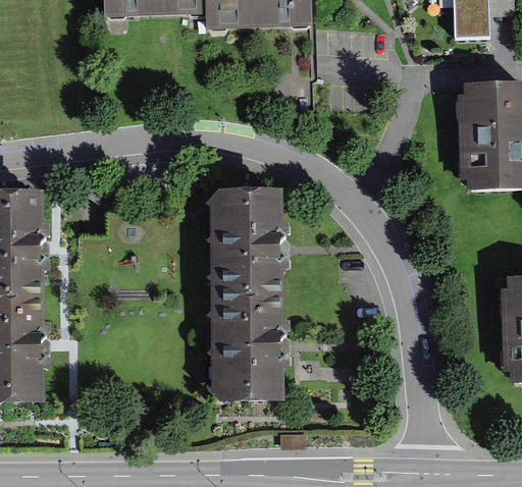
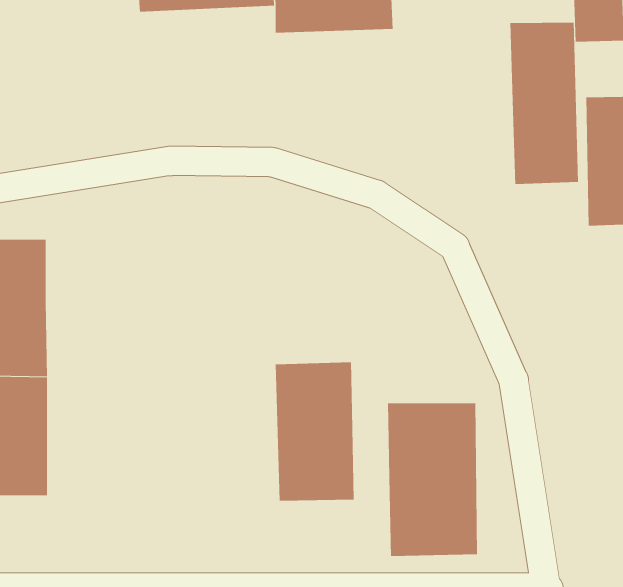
building: none -> [510,22,578,185]
building: [216,191,278,291] -> none
building: none -> [387,402,477,557]

